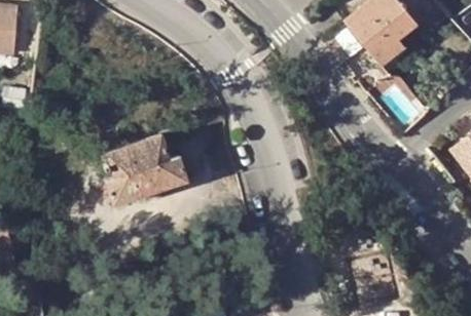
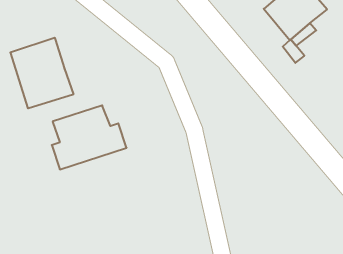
building: none -> [10,38,73,108]

